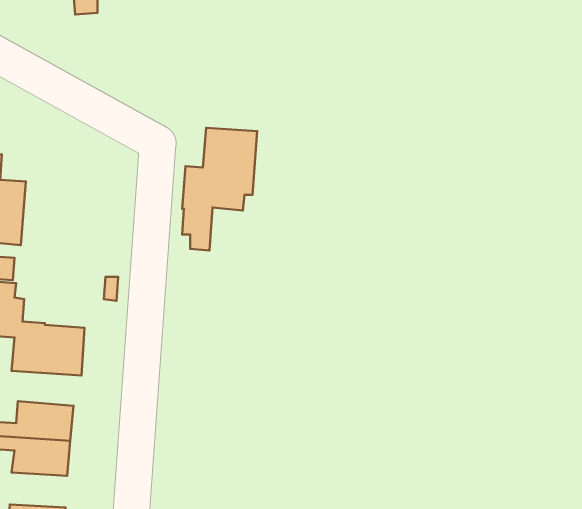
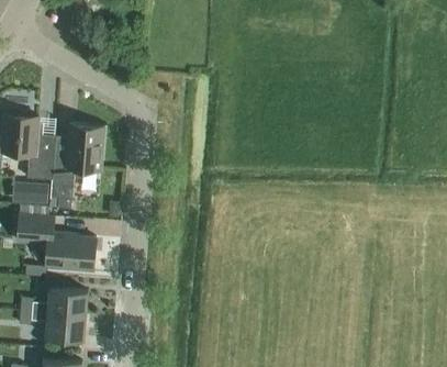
building: [182,128,257,250] -> [53,124,104,209]

